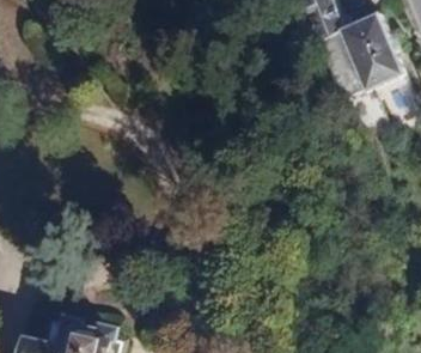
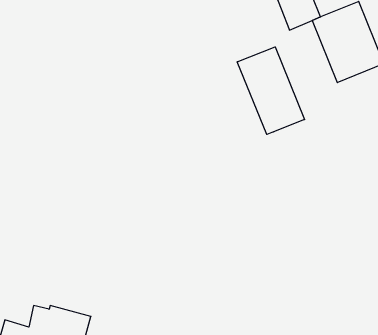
building: none -> [237,47,305,134]

